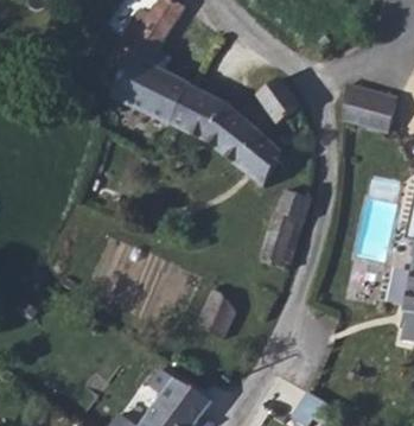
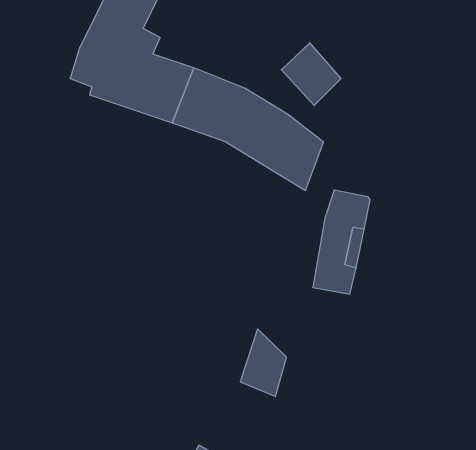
building: [343,88,395,131] -> none

